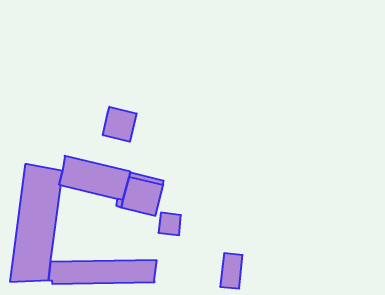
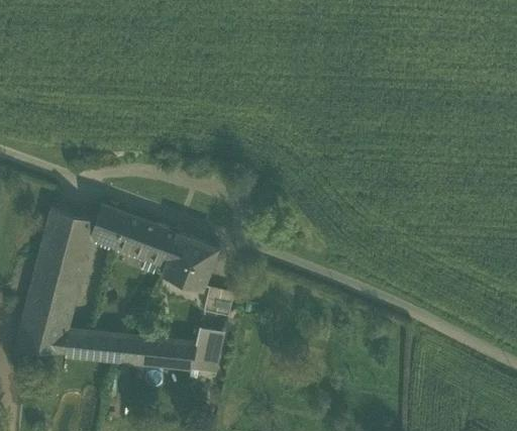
building: [103,107,137,142] -> none
building: [220,253,243,289] -> [192,329,224,374]

